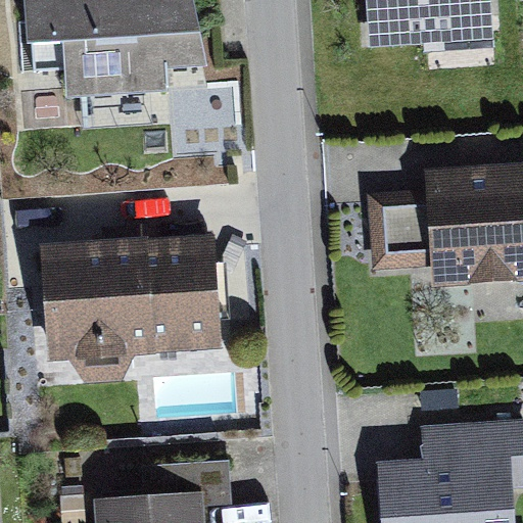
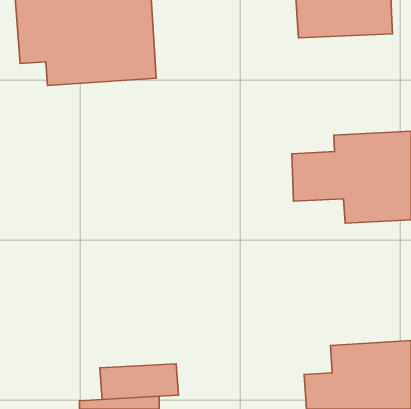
building: [43,242,218,355] -> none

